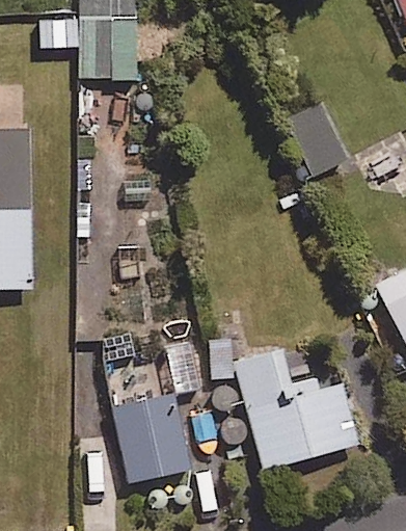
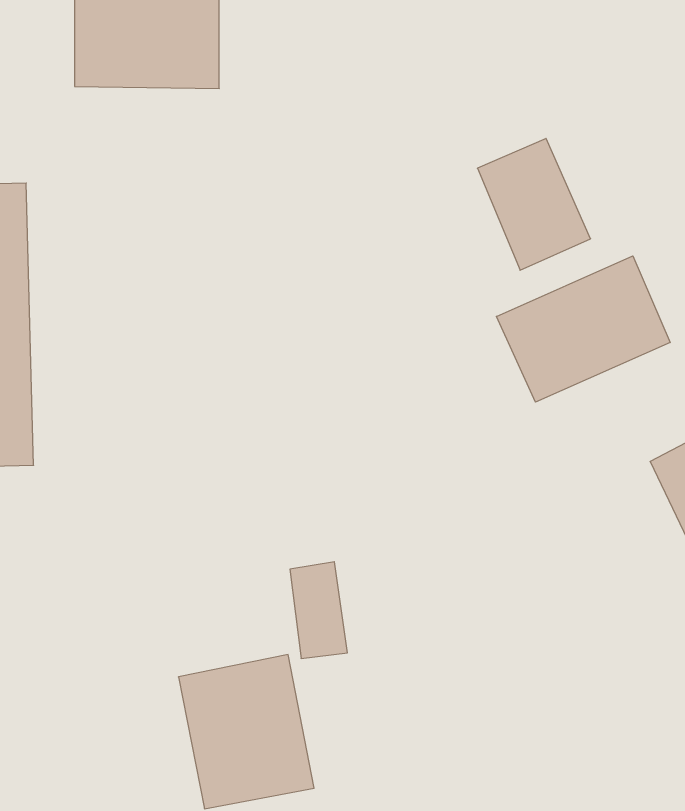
building: none -> [496,256,670,402]
building: [235,351,359,470] -> none

